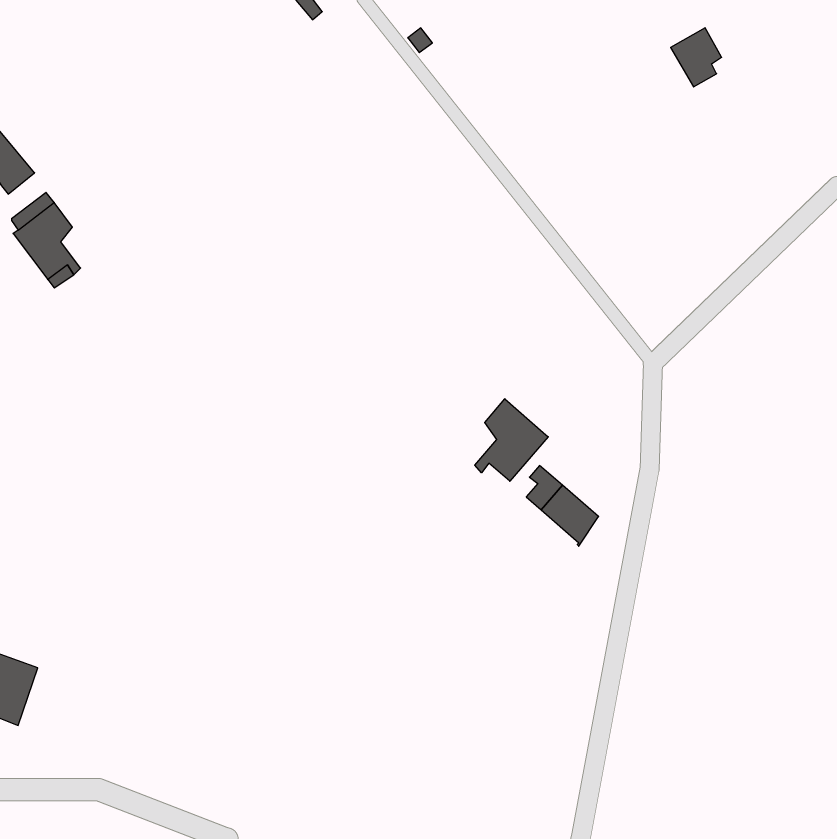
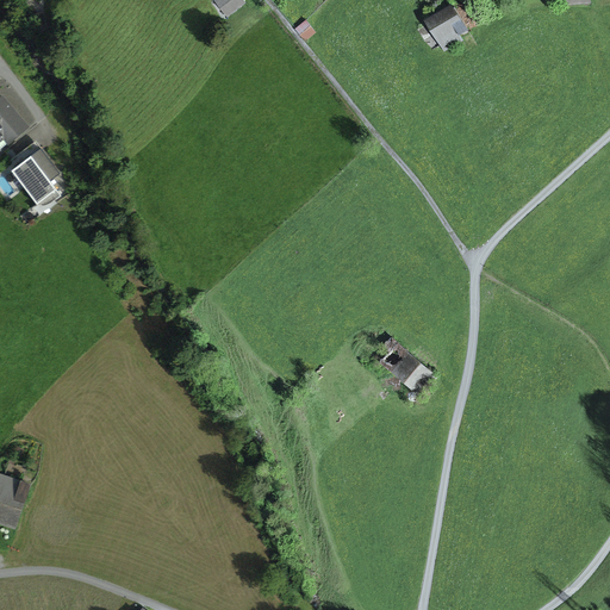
building: [671,28,722,87] -> [428,6,465,49]
building: [475,399,548,481] -> none

